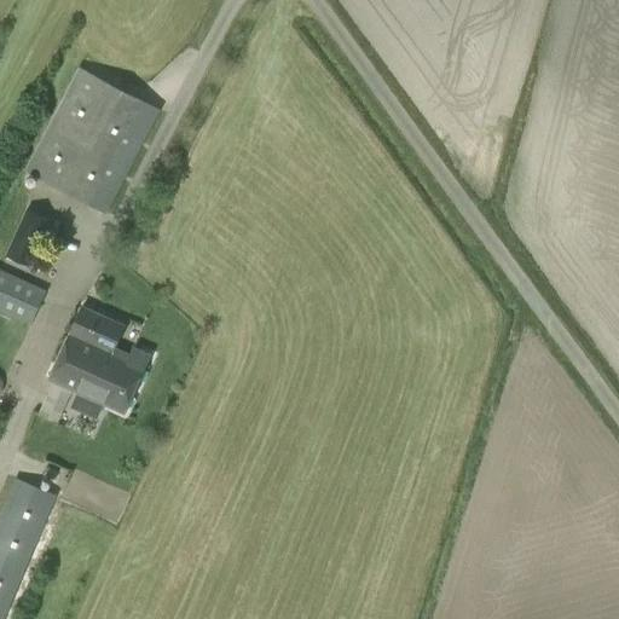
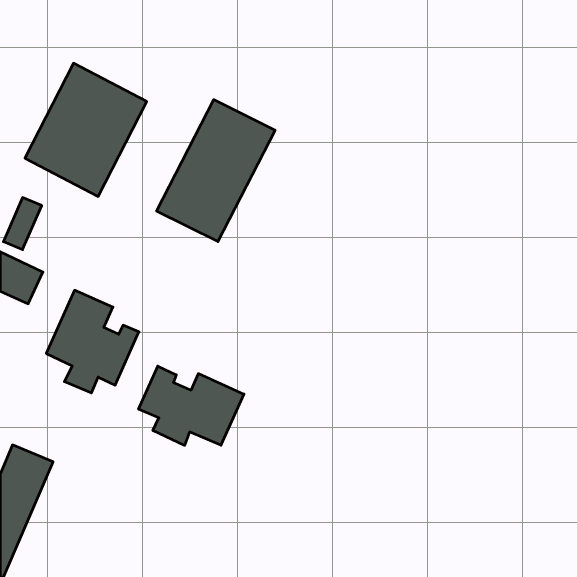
building: none -> [157,100,275,242]
building: none -> [139,366,244,445]

